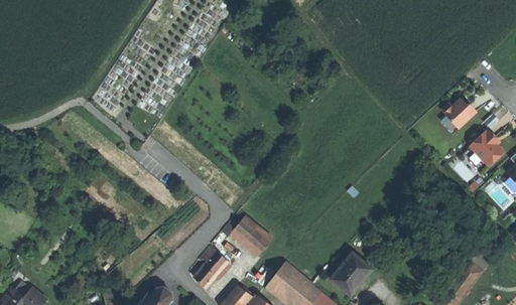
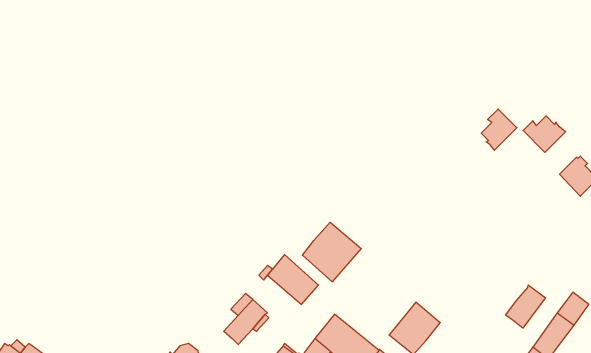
building: none -> [481,109,517,150]
building: none -> [302,222,361,282]
building: none -> [506,285,545,328]

